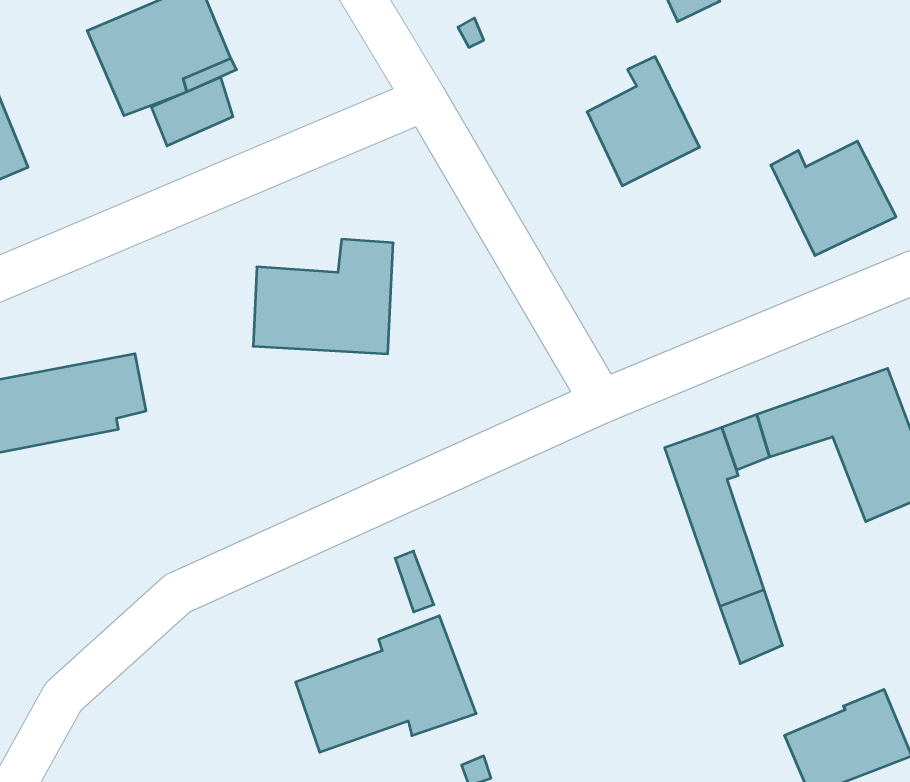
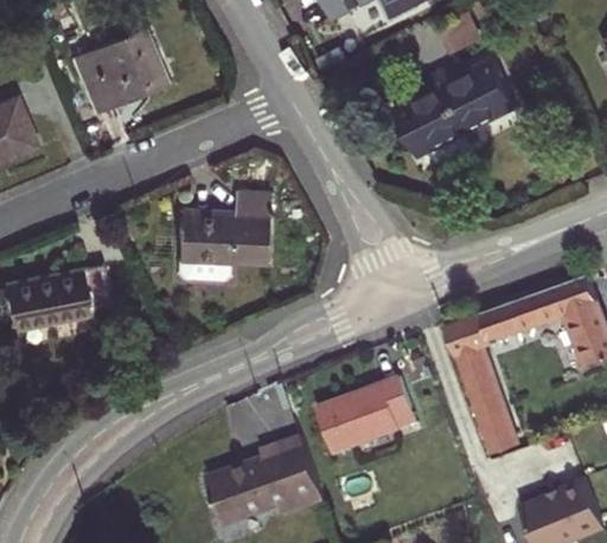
building: [151,77,233,146] -> none
building: [771,141,896,256] -> [437,59,518,133]
building: none -> [317,377,417,451]

